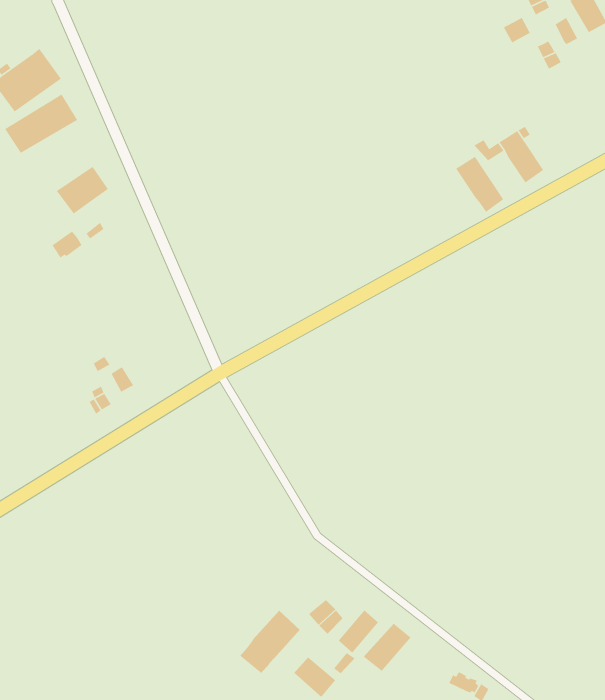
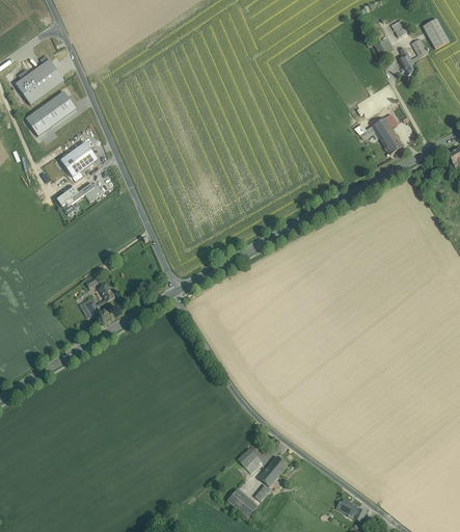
building: [455,156,504,213] -> none
building: [239,610,301,674] -> none
building: [363,623,411,672] -> none

